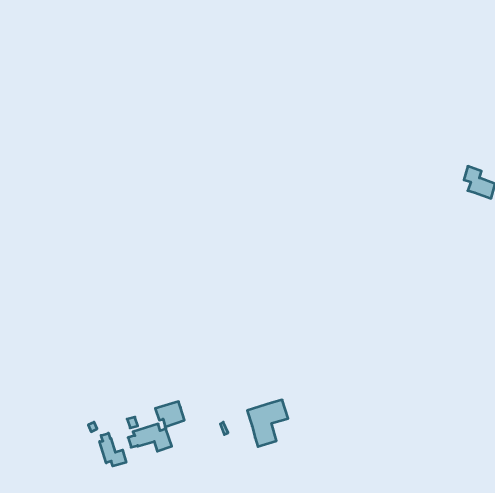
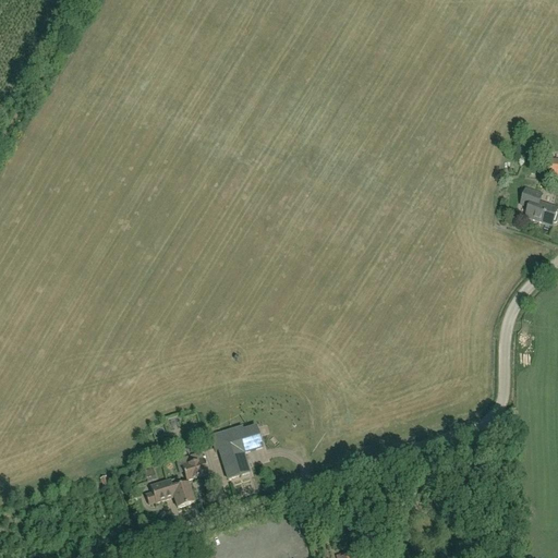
building: [247,400,288,447] -> [215,424,260,476]
building: [100,433,126,466] -> none

